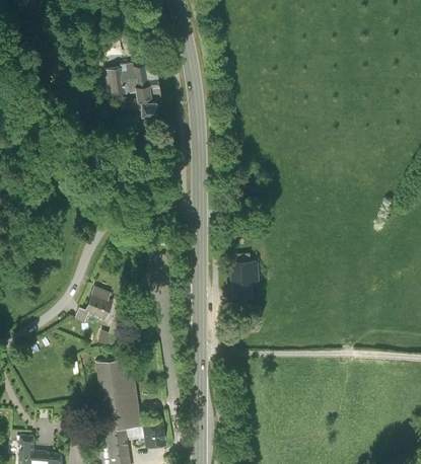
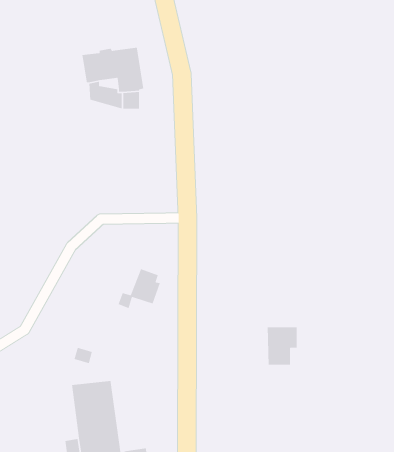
building: [231,264,259,299] -> [267,327,298,365]
building: [75,287,114,323] -> [118,268,161,309]

